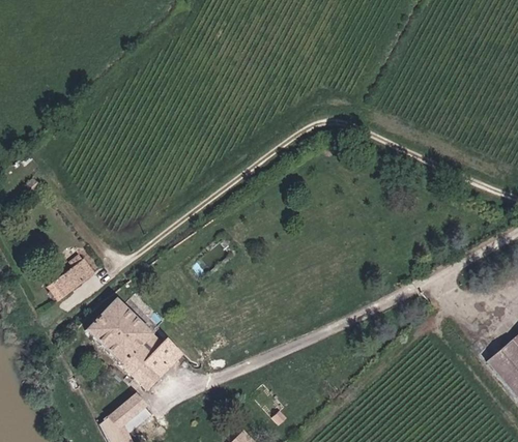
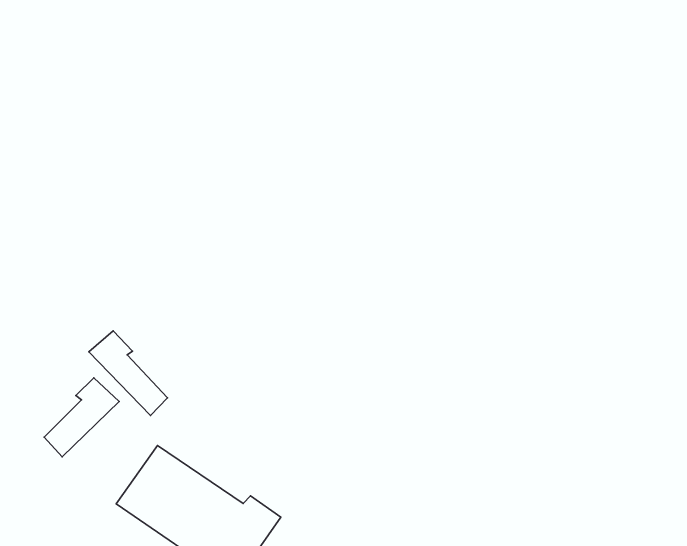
building: none -> [89,331,168,416]

